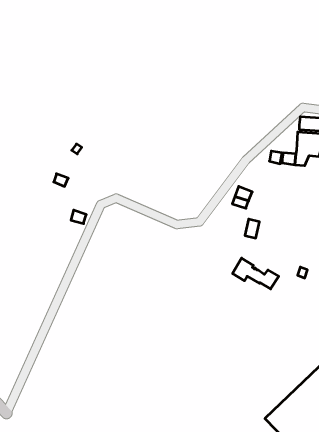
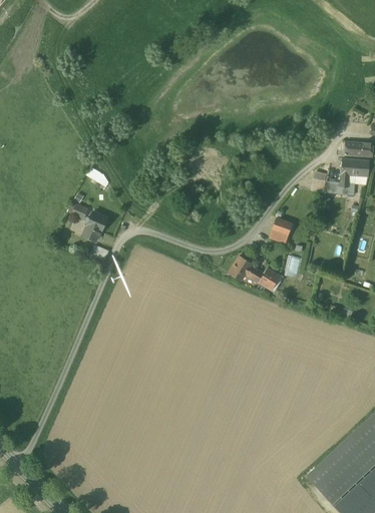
building: none -> [82,212,107,240]
building: [233,258,279,289] -> [229,255,280,290]

